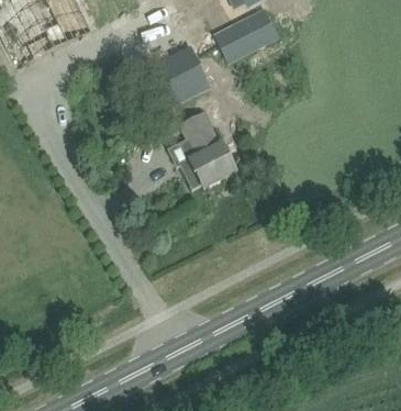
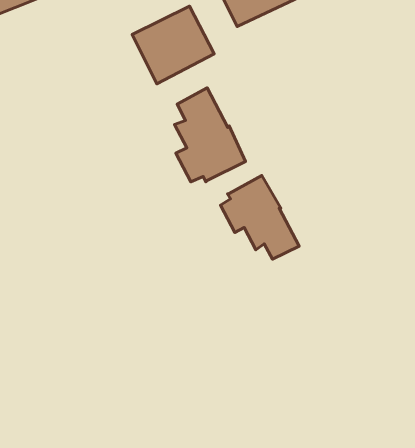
building: none -> [220,176,299,259]

